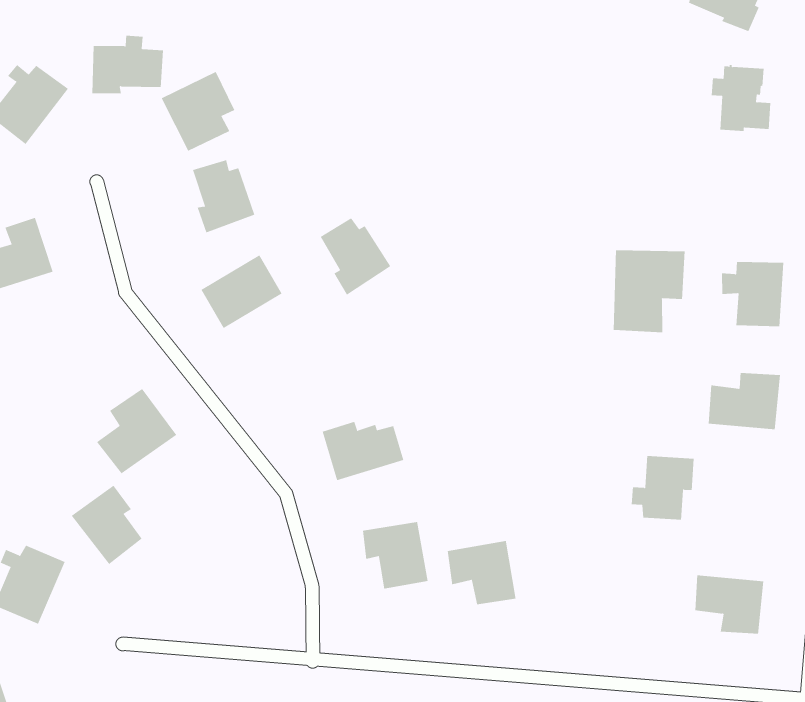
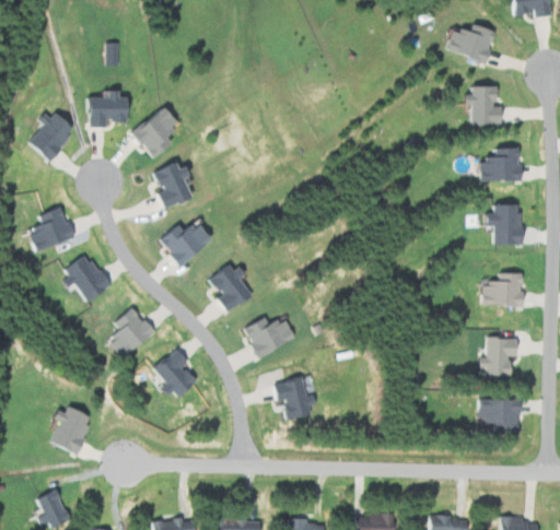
building: none -> [478,148,520,182]
building: [320,217,391,296] -> [209,264,254,313]
building: [613,250,685,333] -> none
building: none -> [63,256,110,301]
building: [631,456,695,520] -> [480,338,517,376]
building: [71,485,143,565] -> [151,349,196,398]
building: [447,540,516,605] -> none

